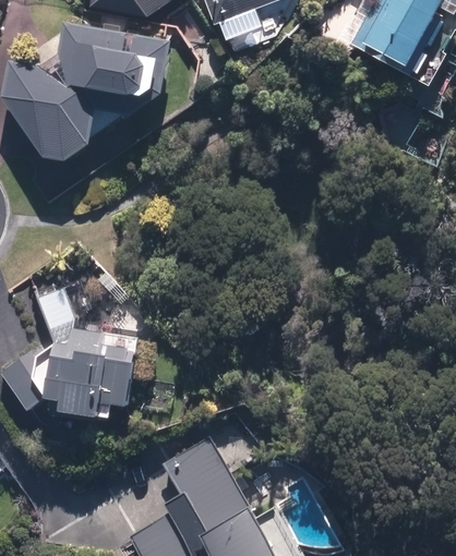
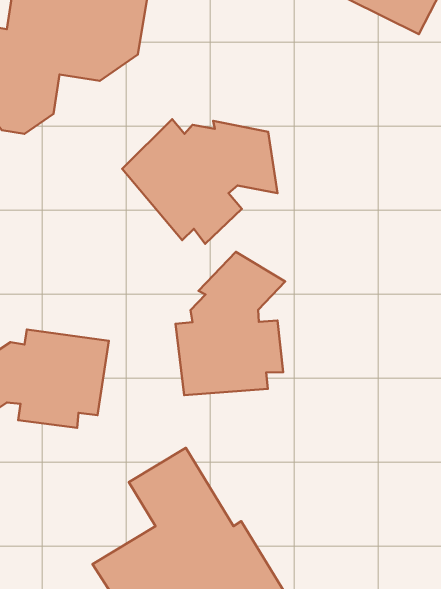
building: none -> [122,119,278,244]
building: none -> [176,252,285,395]

